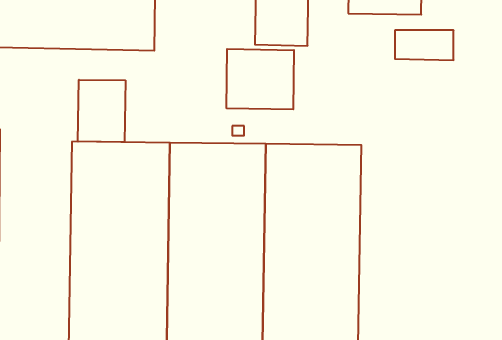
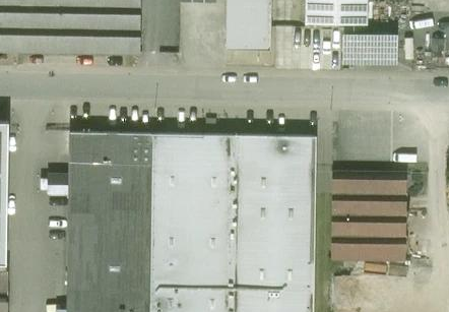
building: [227,49,294,109] -> none
building: [78,80,125,142] -> none
building: none -> [330,172,405,260]

